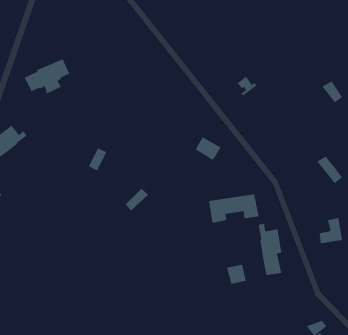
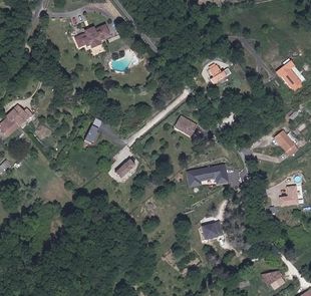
building: [24,58,70,94] -> [74,20,113,50]
building: [258,223,282,276] -> none

